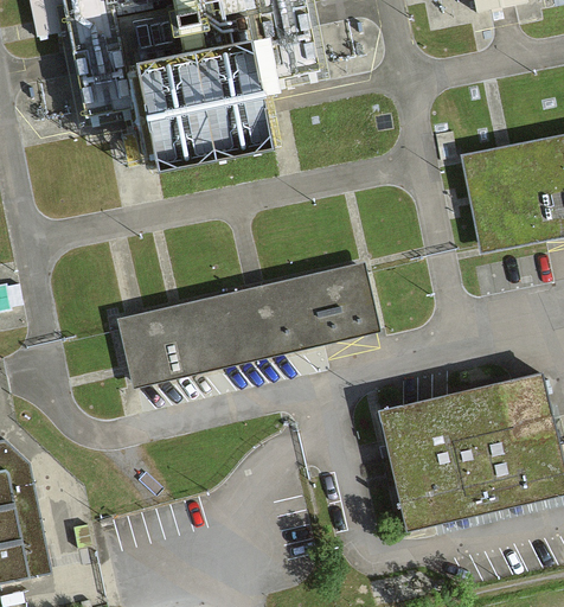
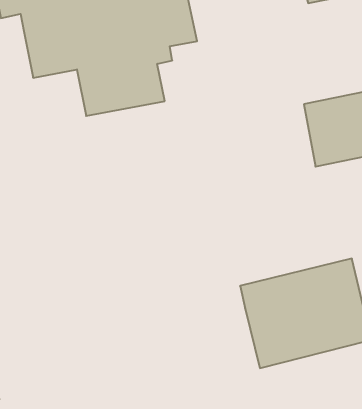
building: [118,260,382,390] -> none

